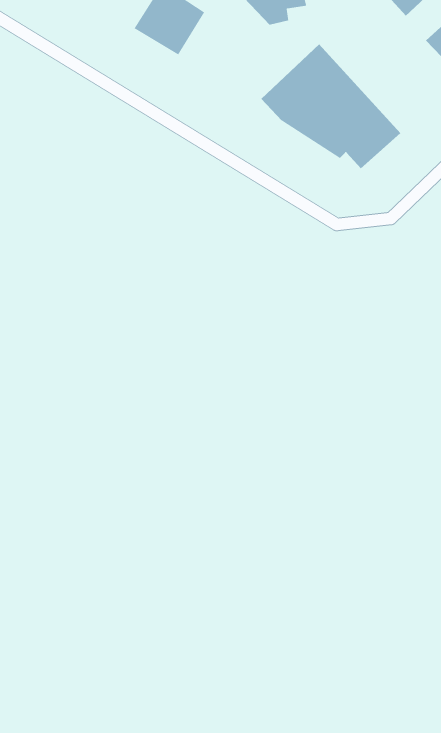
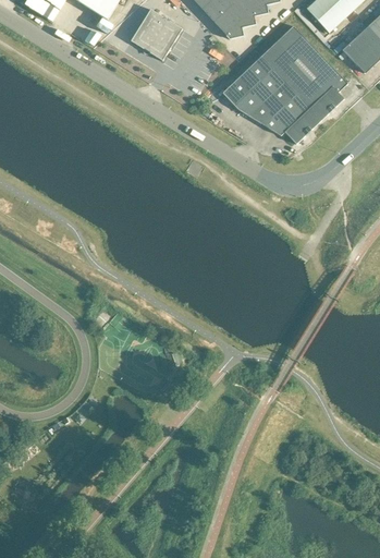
building: none -> [265,25,347,117]

